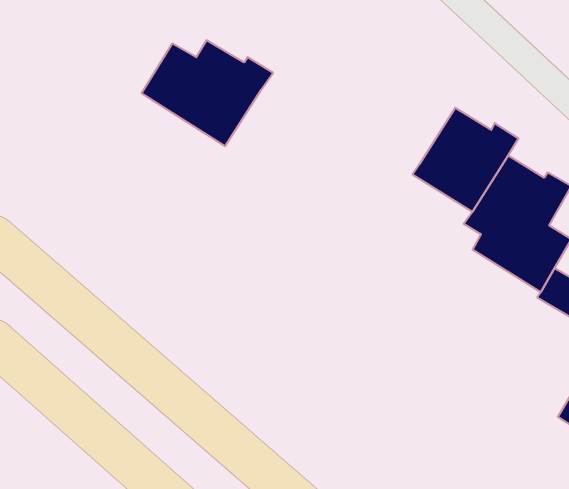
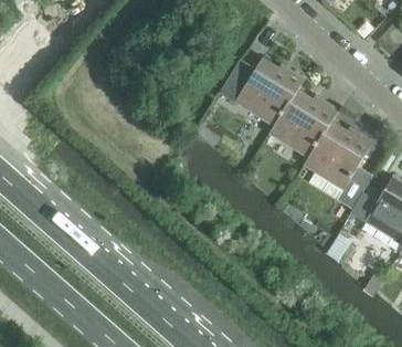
building: [142,40,273,146] -> [220,57,305,126]

